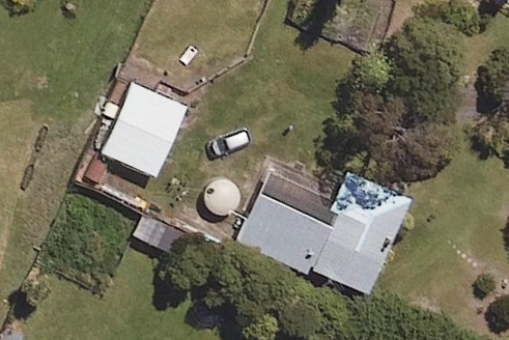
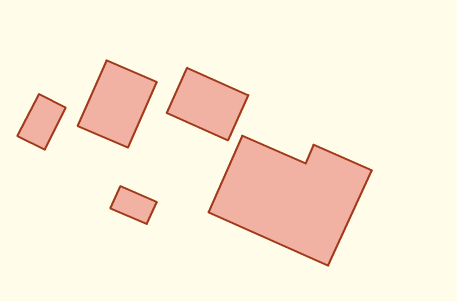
building: none -> [167,68,248,140]

